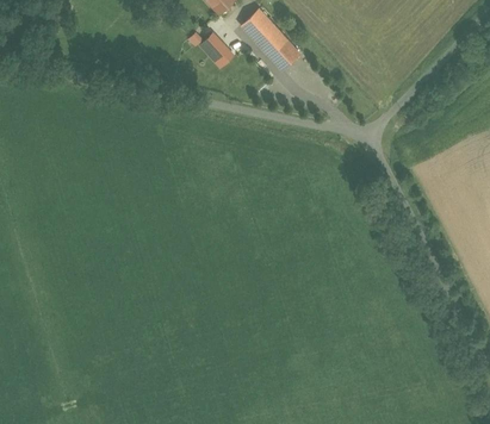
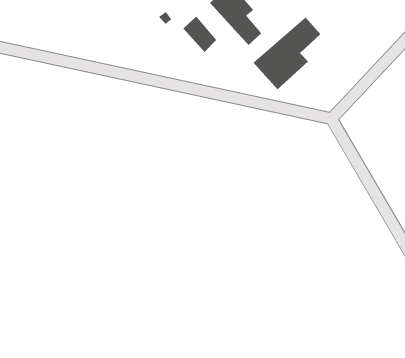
building: none -> [253,16,321,90]

